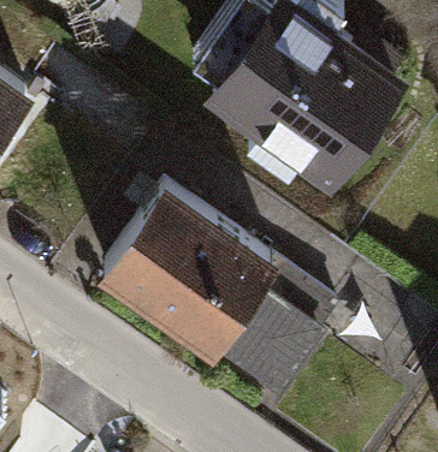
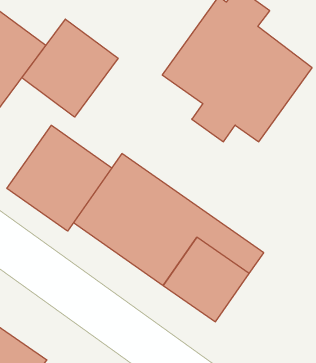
building: none -> [22,19,118,117]
building: none -> [7,125,112,231]

